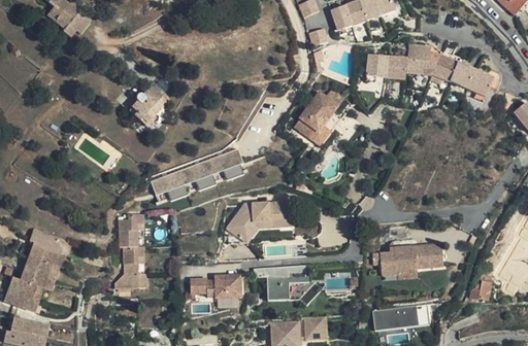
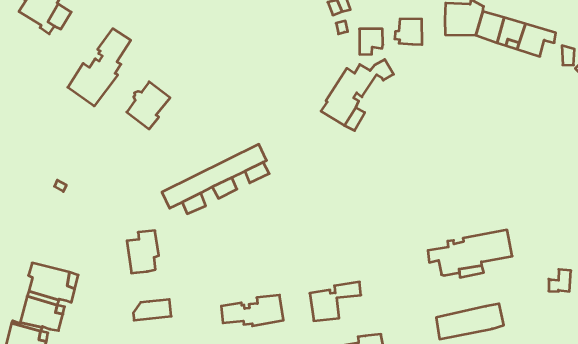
building: none -> [68,29,131,106]
building: [386,56,407,78] -> [359,29,383,54]
building: [227,201,295,244] -> none
building: [123,244,143,271] -> none

